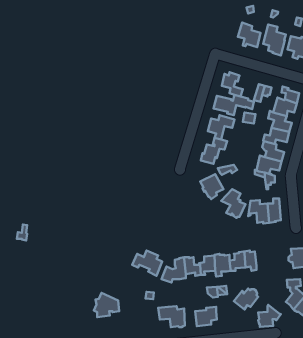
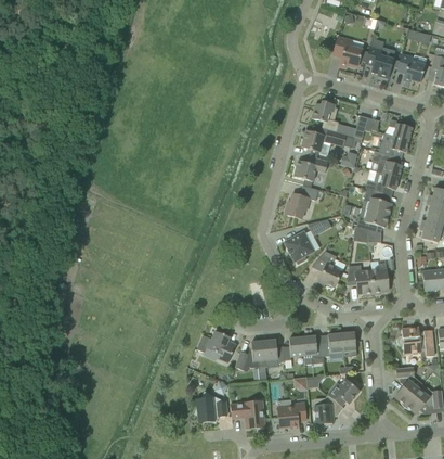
building: [94,293,119,317] -> [194,391,226,422]
building: [258,305,281,327] -> [314,395,343,423]

